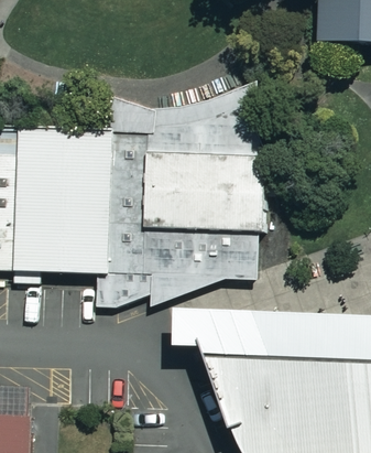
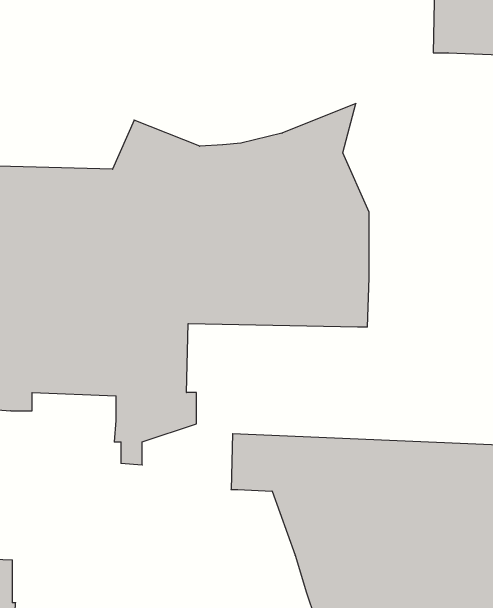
building: [146,230,261,309] -> none

